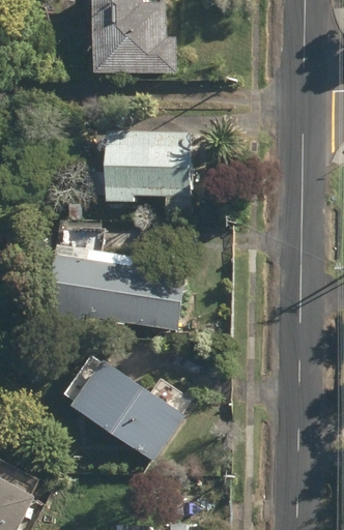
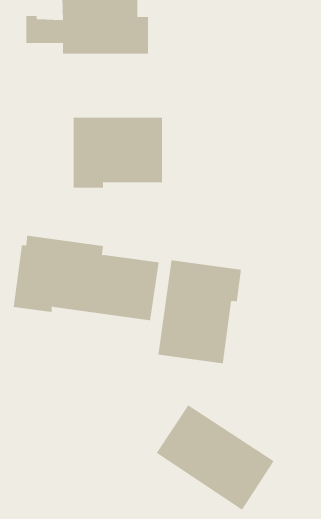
building: none -> [158,260,242,364]
building: [70,360,185,463] -> [156,404,275,511]

